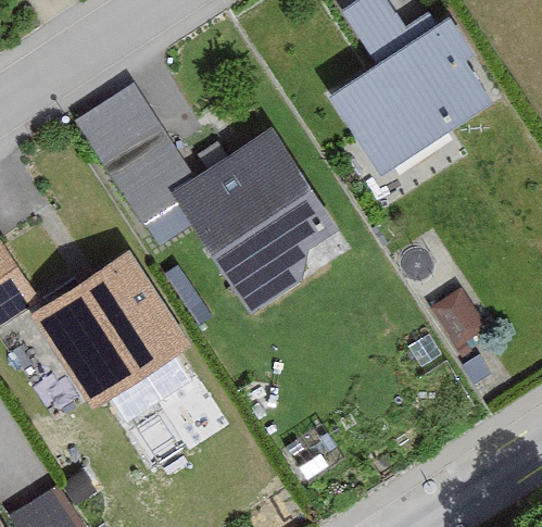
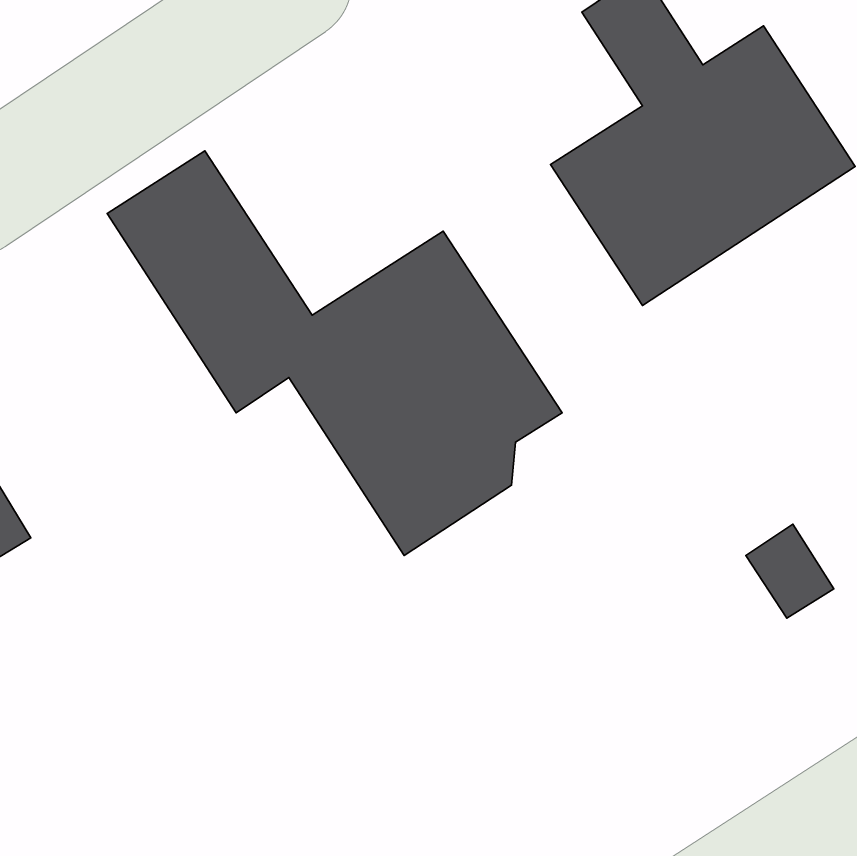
building: [33,254,188,406] -> none

